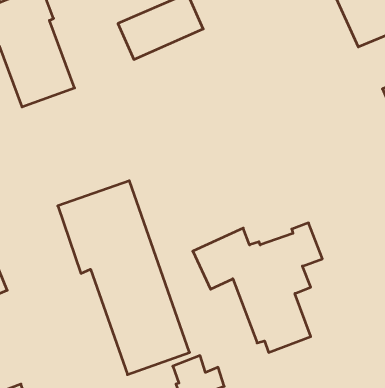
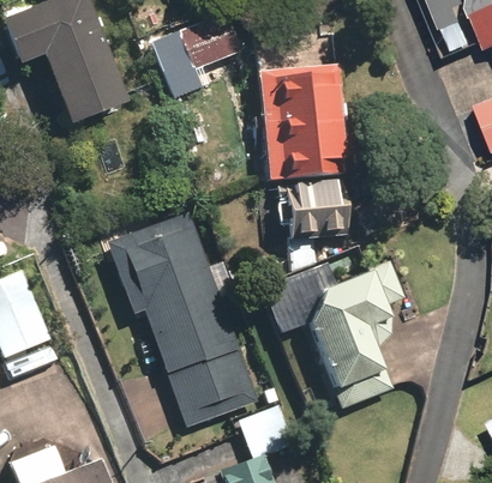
building: none -> [254,60,343,265]

